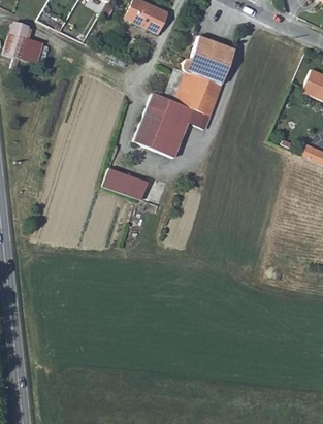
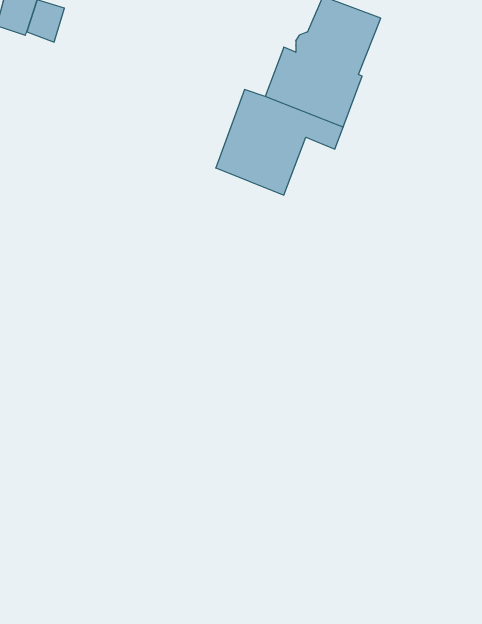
building: [102,169,146,198] -> none

